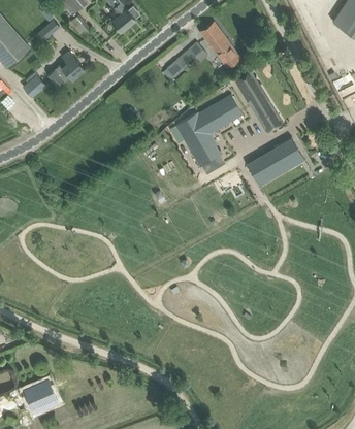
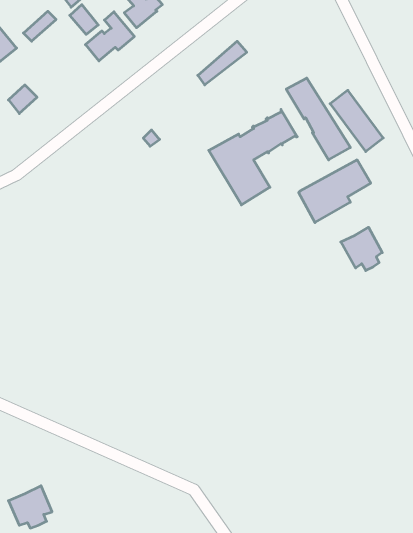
building: [200,23,240,69] -> [330,90,383,152]
building: [47,52,85,89] -> [85,12,134,61]
building: none -> [341,227,382,271]

